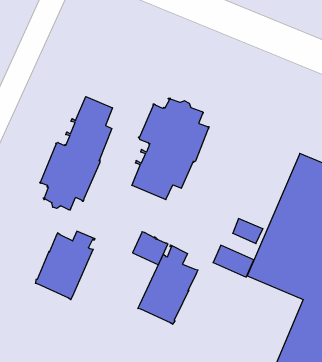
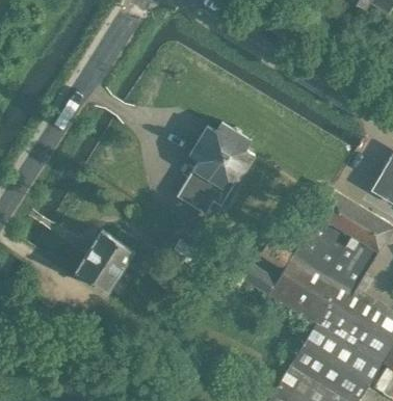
building: [40,97,112,210] -> none
building: [138,245,198,324] -> none

